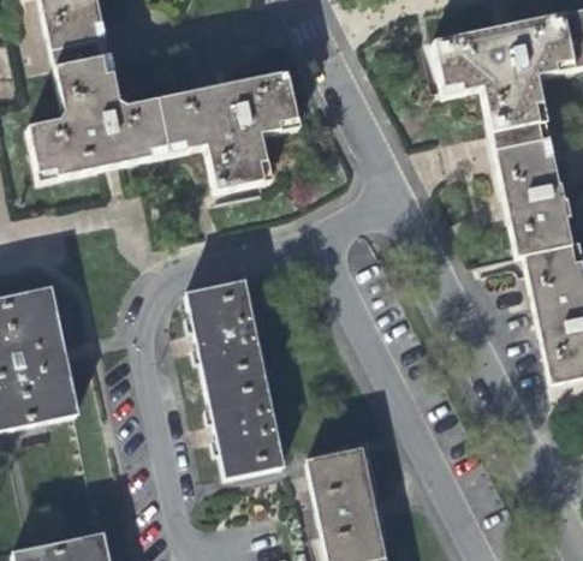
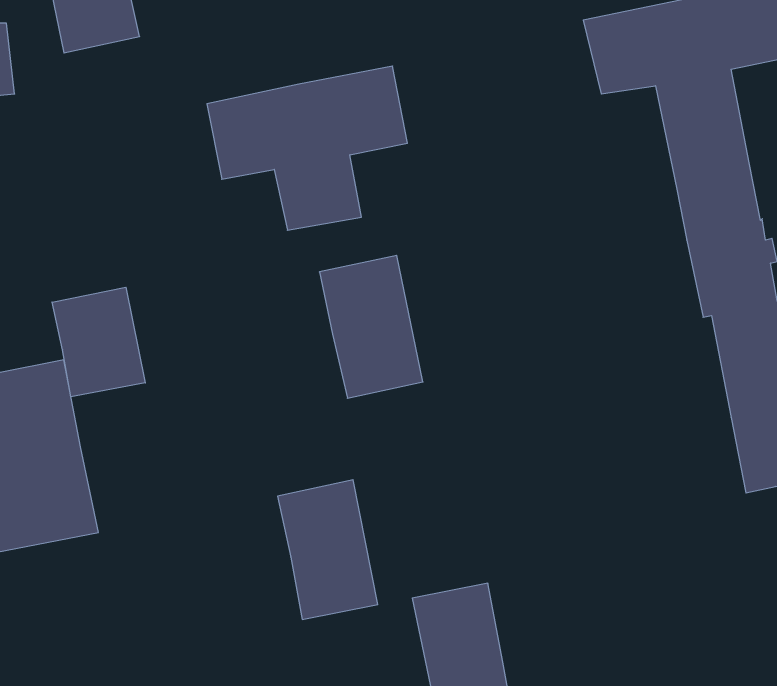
building: [31,49,167,179] -> none
building: none -> [52,287,145,397]
building: [188,281,263,386] -> [319,255,423,398]

